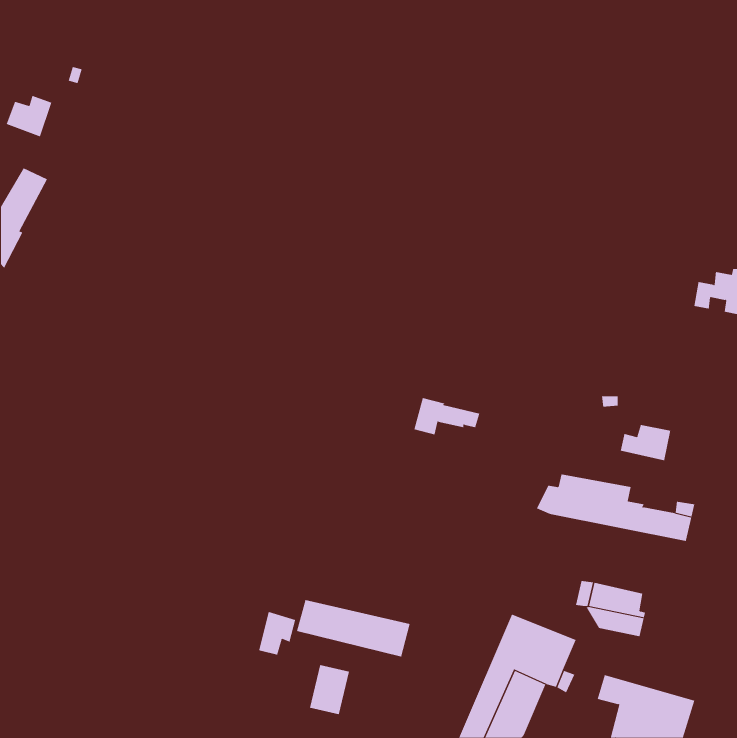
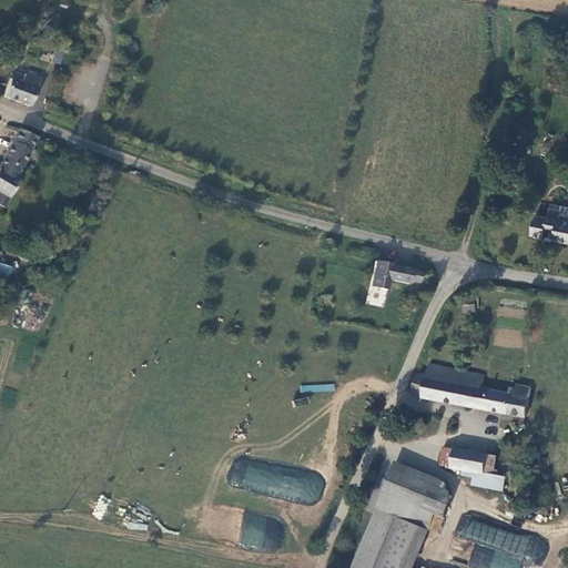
building: [414,398,480,435] -> [371,260,422,288]
building: [620,424,671,461] -> none
building: [259,611,296,656] -> none

